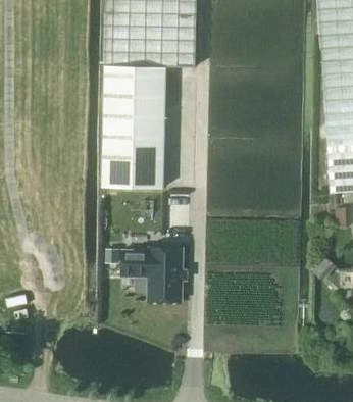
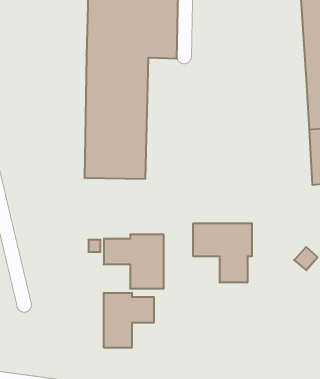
building: none -> [193,223,252,283]
building: none -> [104,293,154,348]

